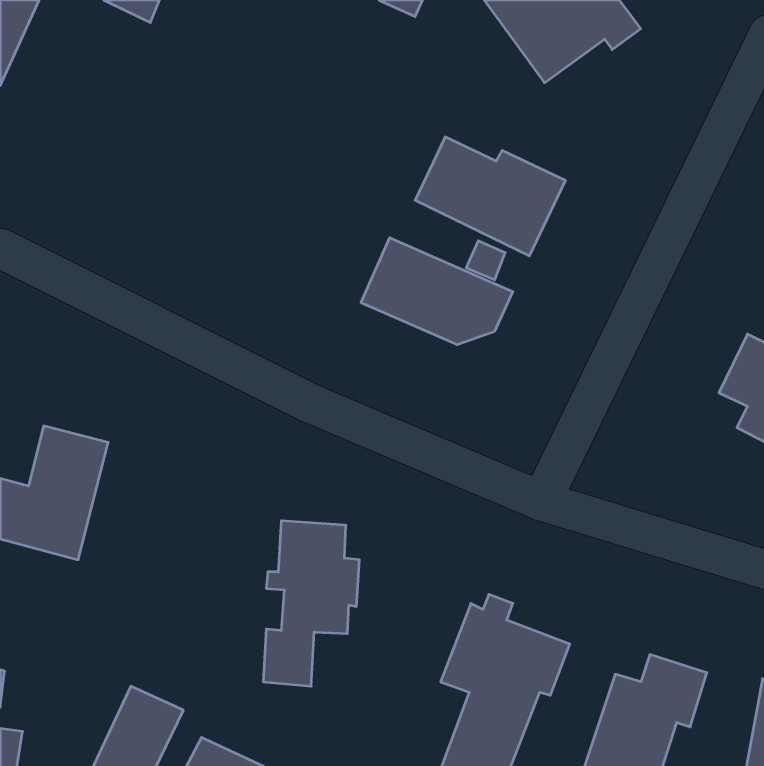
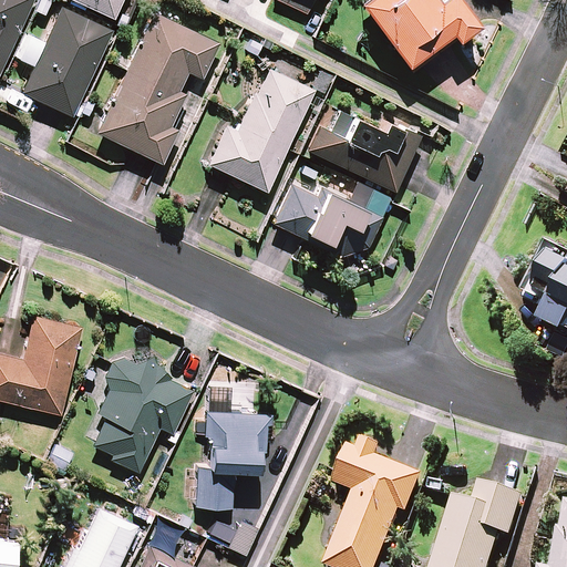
building: none -> [18,8,113,115]
building: none -> [99,12,219,163]
building: none -> [207,69,315,190]
building: none -> [94,354,194,471]

